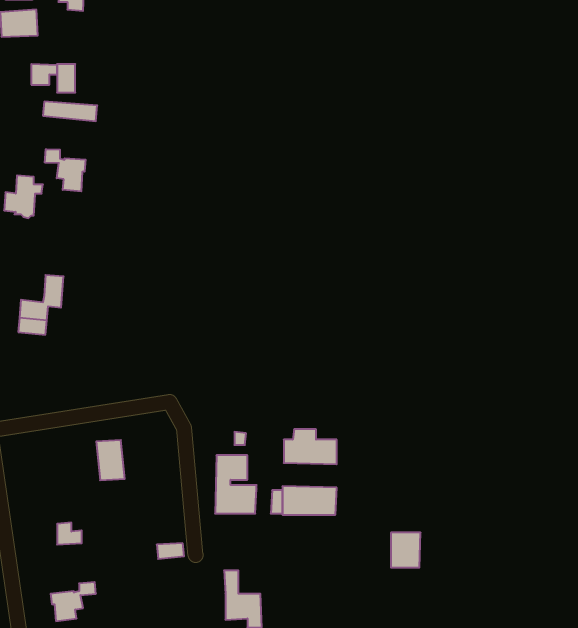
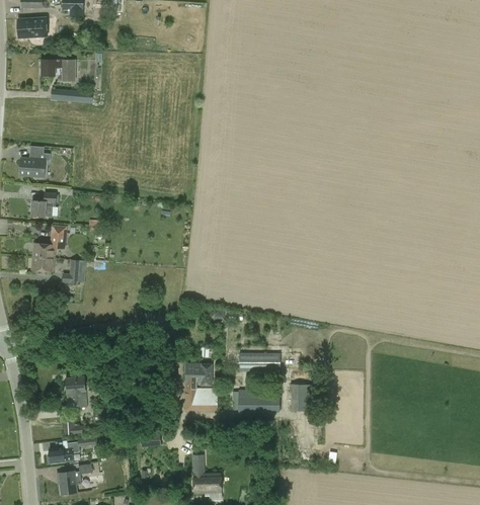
building: [45,149,86,191] -> none
building: none -> [31,192,59,217]
building: none -> [62,259,86,284]
building: [96,440,125,480] -> [65,375,87,407]
building: [391,533,421,568] -> [292,384,315,411]
building: none -> [48,446,79,462]

